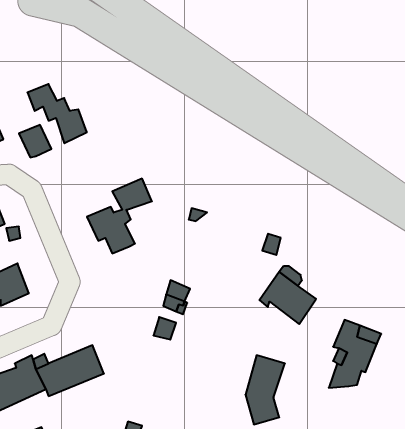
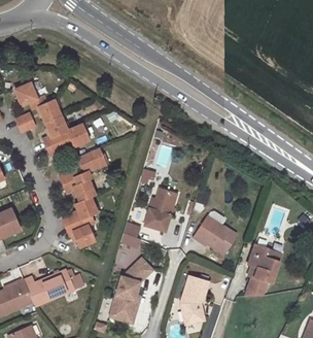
building: none -> [43,113,92,154]
building: none -> [140,188,171,231]
building: none -> [64,197,100,247]
building: none -> [107,262,147,324]

